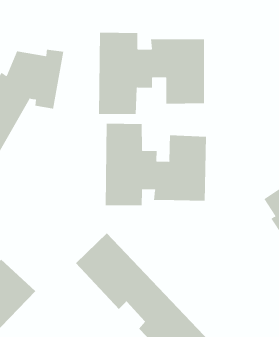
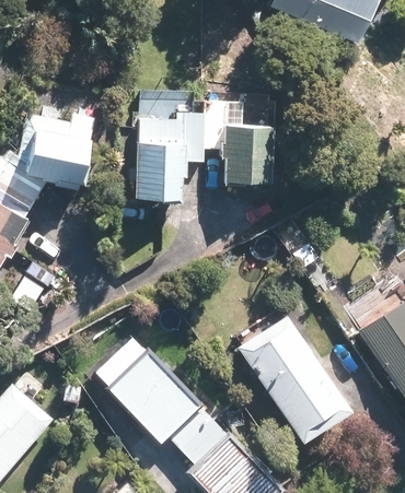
building: [105,123,206,206] -> none
building: none -> [238,316,347,444]

